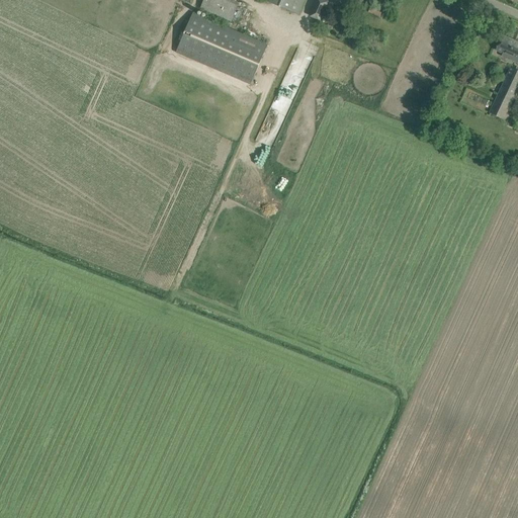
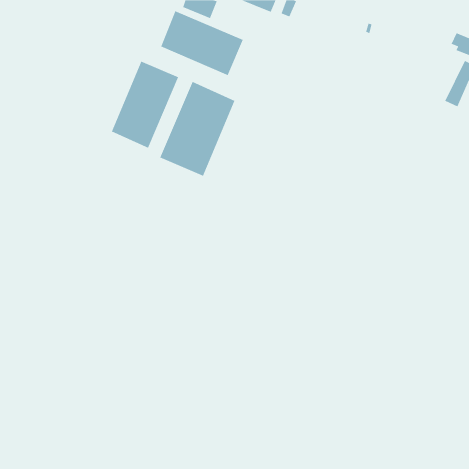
building: none -> [111,61,179,149]
building: none -> [159,81,235,177]

